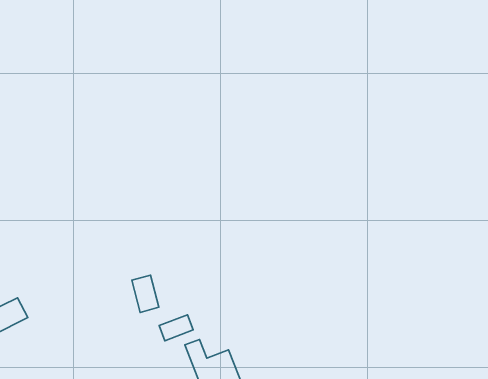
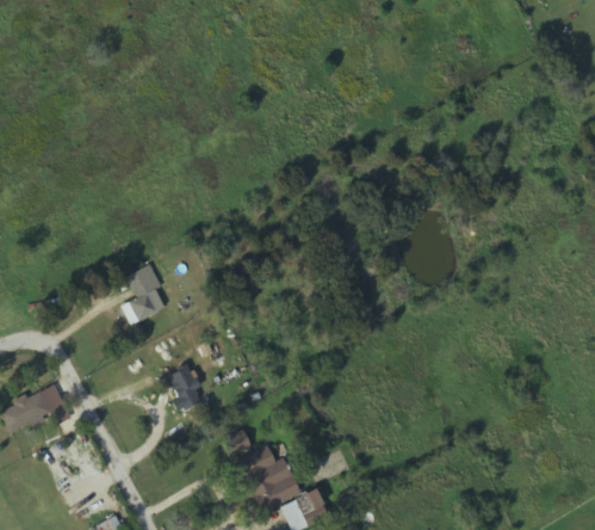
building: none -> [122,264,168,323]
building: [159,315,193,341] -> none

